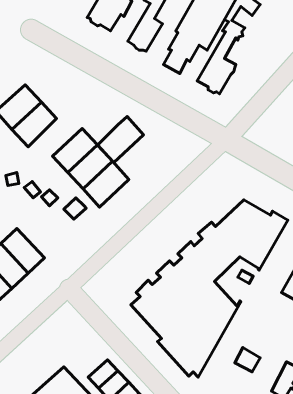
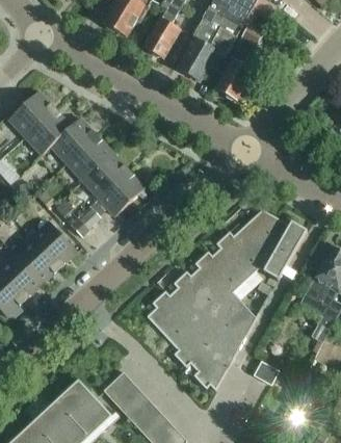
building: [98,117,143,162] -> [51,118,98,164]
building: none -> [31,220,78,268]

